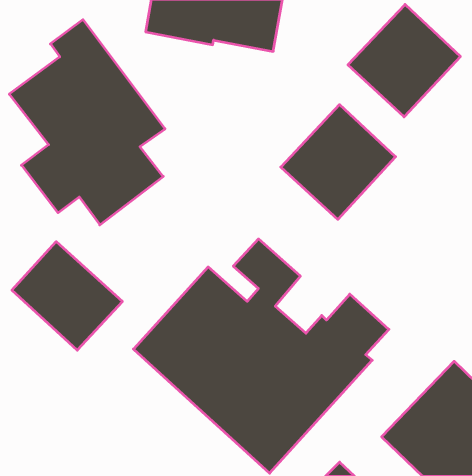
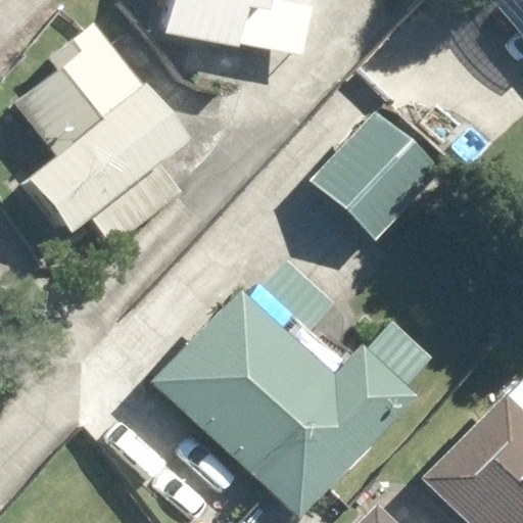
building: [348,4,460,117] -> none
building: [12,242,122,350] -> none

